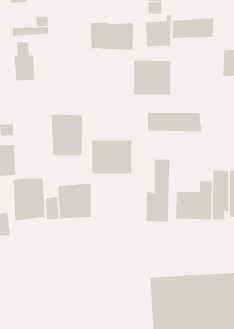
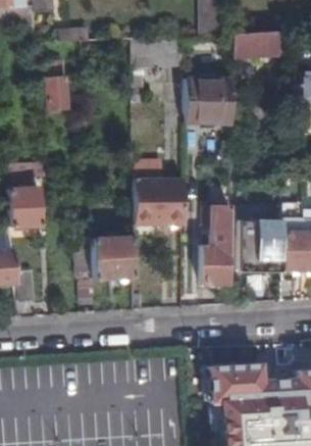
building: [146,14,171,47] -> none
building: [147,112,202,132] -> none
building: [51,114,83,156] -> none
building: [13,178,45,221] -> none

